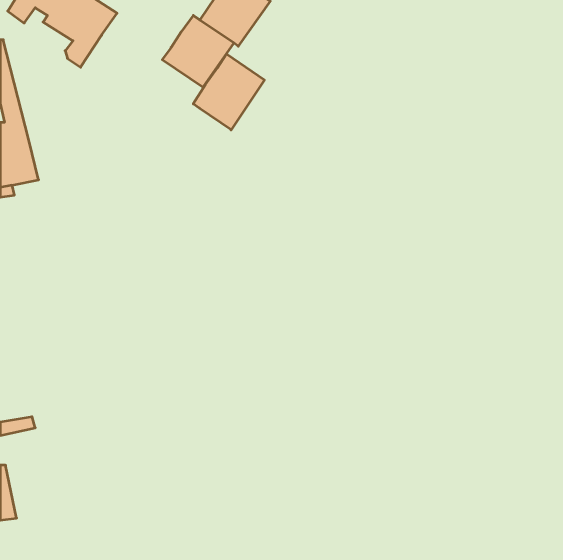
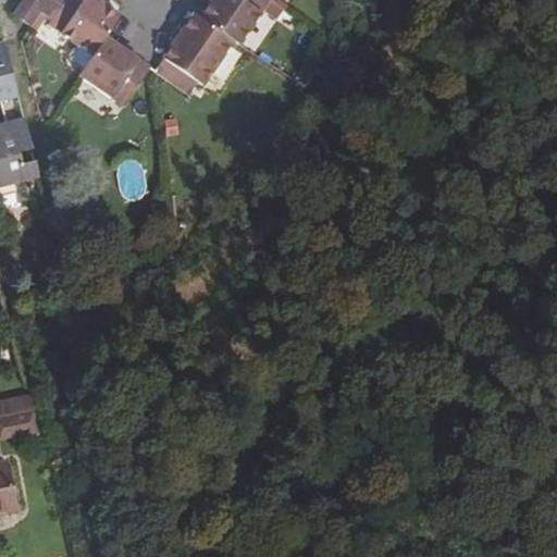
building: none -> [75,35,147,104]
building: [193,54,264,130] -> none

